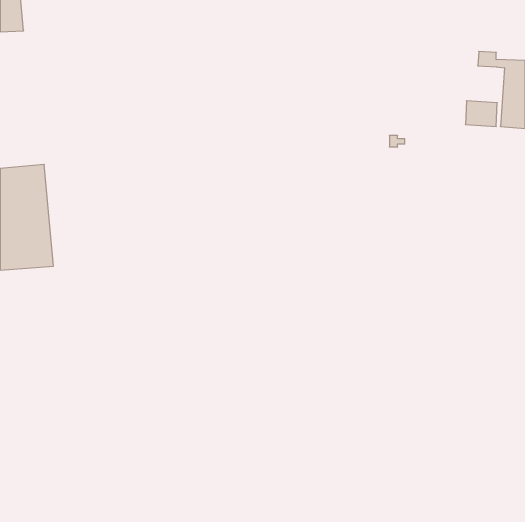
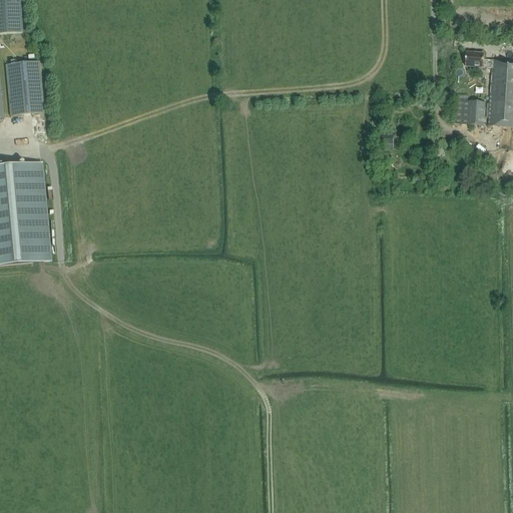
building: none -> [5,59,44,114]

